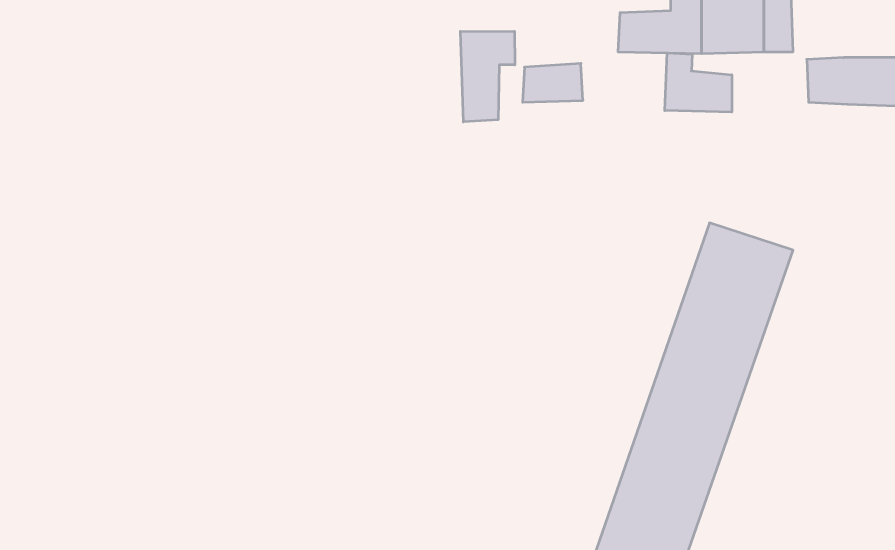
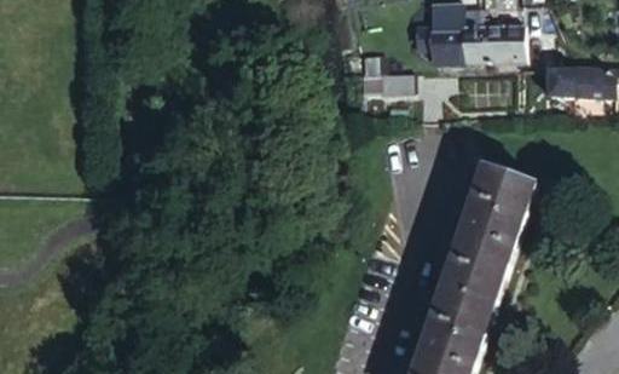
building: [460,31,515,122] -> none
building: [665,53,732,112] -> none

